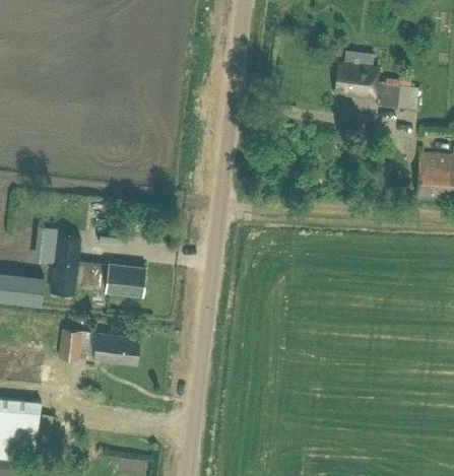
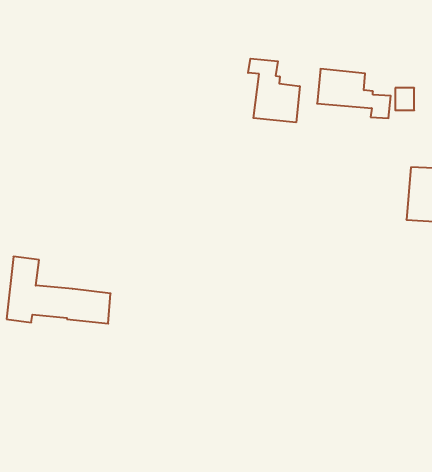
building: none -> [248,59,300,122]
building: [56,328,137,362] -> none

